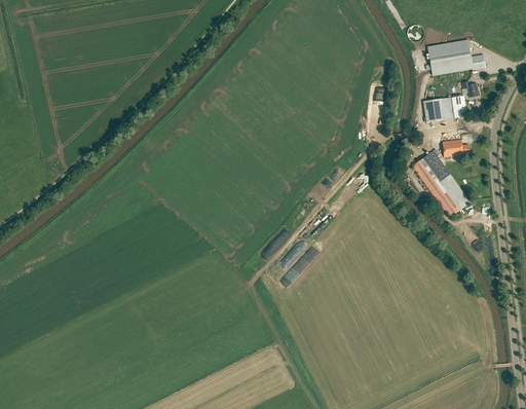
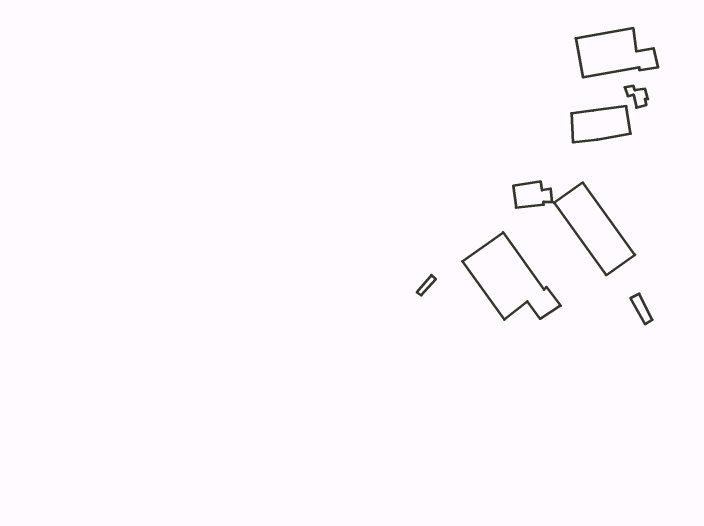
building: [441,138,468,156] -> [513,182,552,208]
building: none -> [462,232,561,320]

